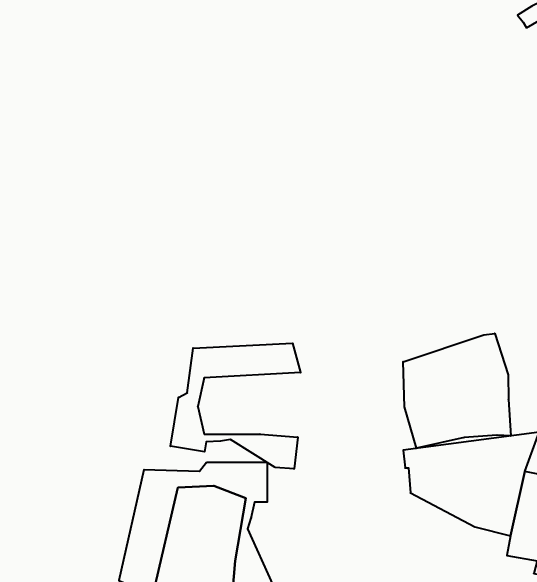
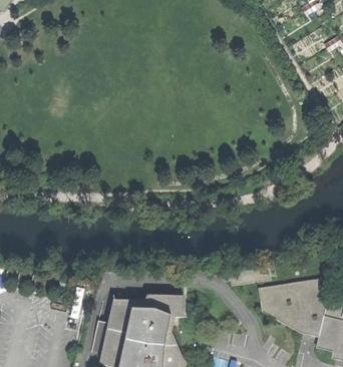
building: [403,333,511,448] -> none
building: [170,343,301,469] -> none

